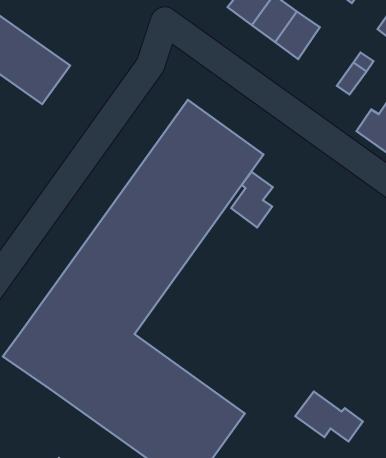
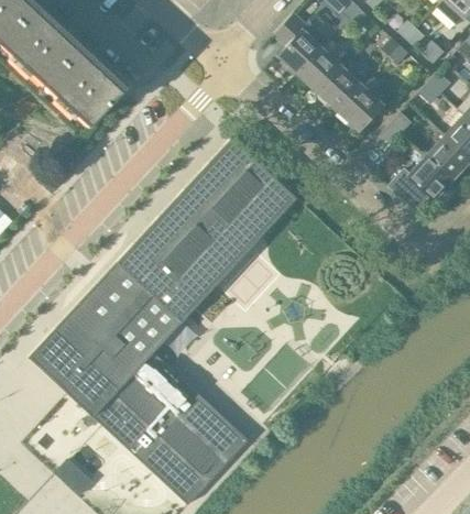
building: none -> [340,85,384,130]
building: [231,172,273,228] -> none
building: [295,392,363,442] -> none

